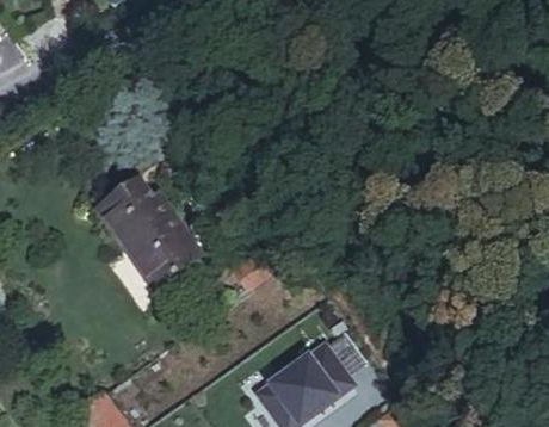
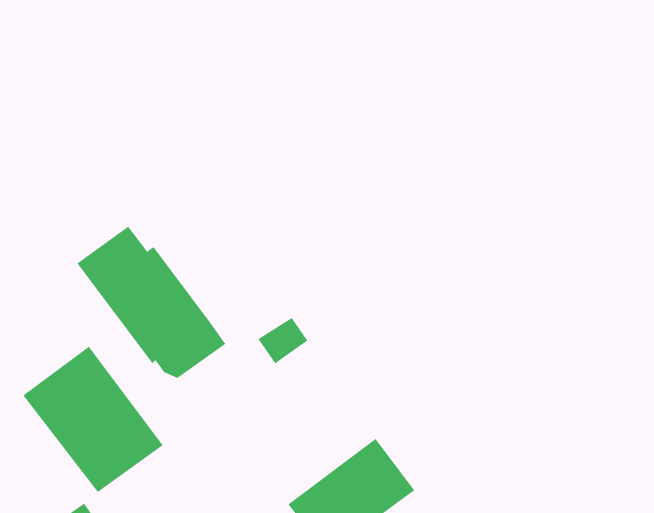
building: none -> [23,346,163,493]

